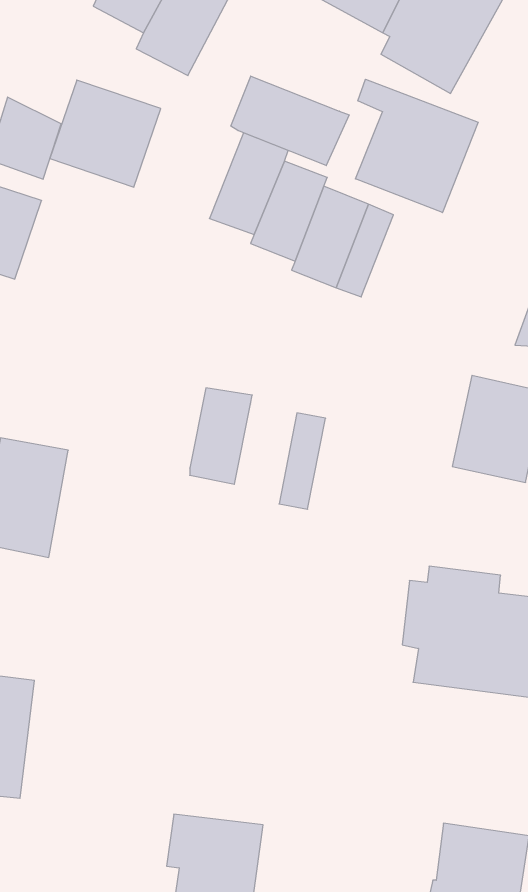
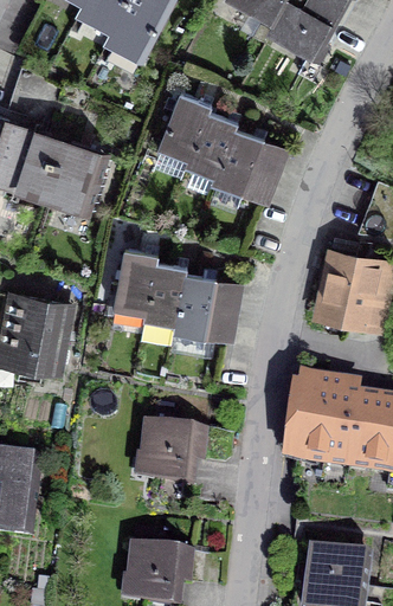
building: [231,76,349,166] -> none
building: [355,79,478,213] -> none
building: [50,80,161,187] -> [27,137,101,208]
building: none -> [112,249,155,315]
building: none -> [172,272,214,339]
building: none -> [140,424,232,498]

